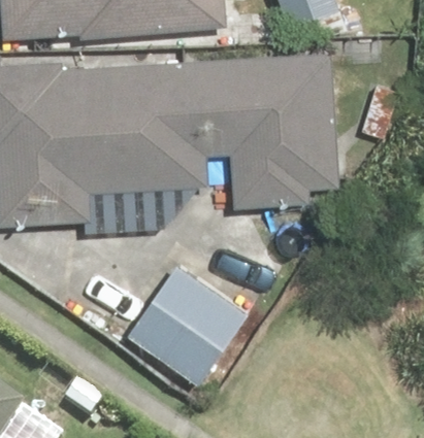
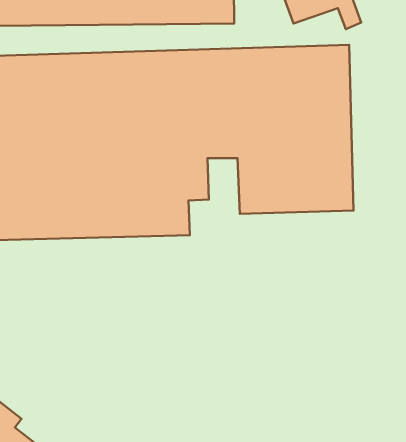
building: [124,261,251,388] -> none

